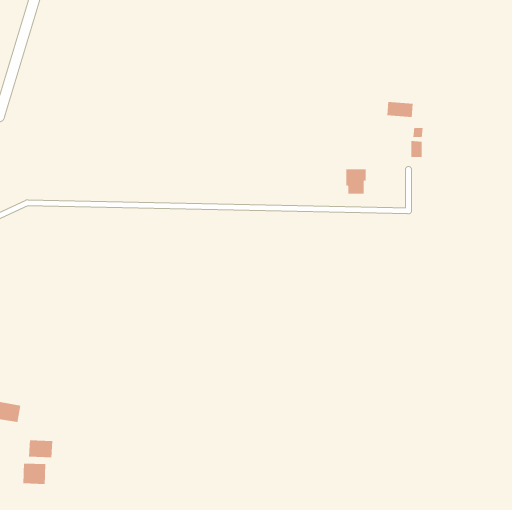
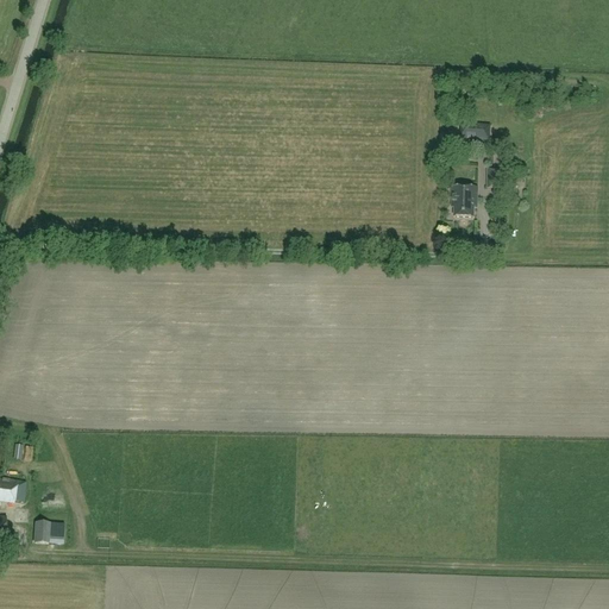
building: [345,169,367,194] -> [451,186,476,215]
building: [23,463,46,485] -> none

